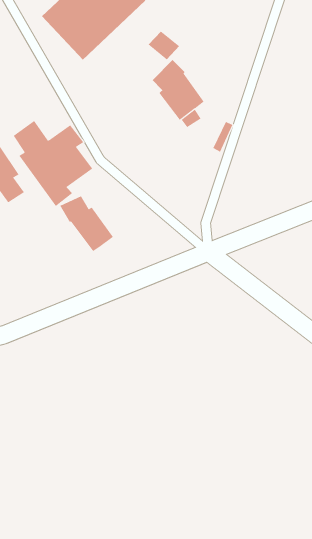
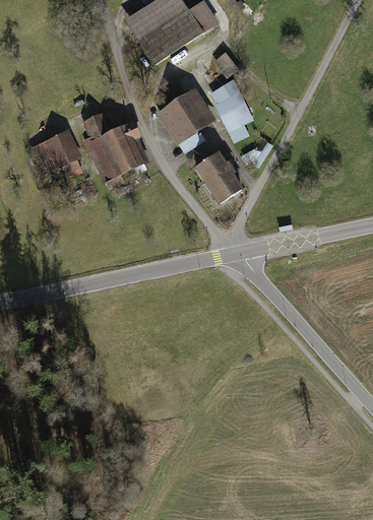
building: none -> [153,87,213,152]
building: none -> [194,150,242,201]
building: [59,195,114,252] -> none

